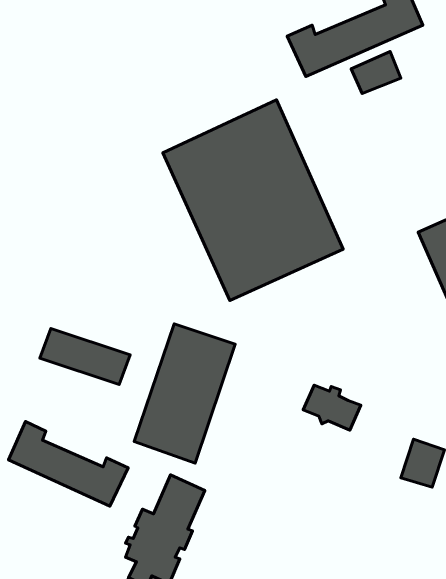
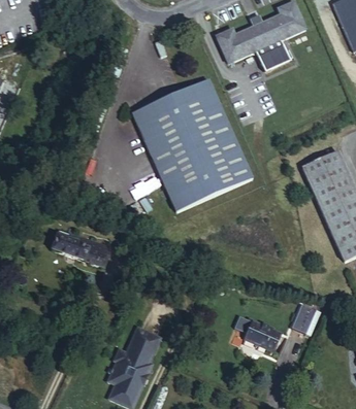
building: [134,324,235,463] -> none
building: [303,385,361,430] -> [244,320,282,350]
building: [9,421,128,506] -> none

